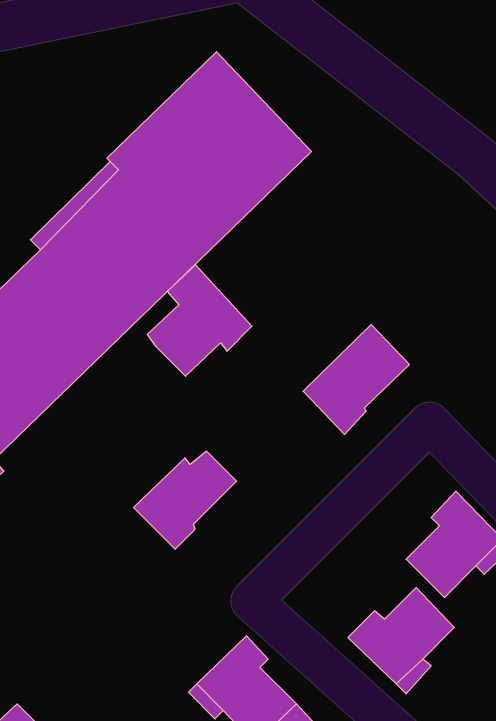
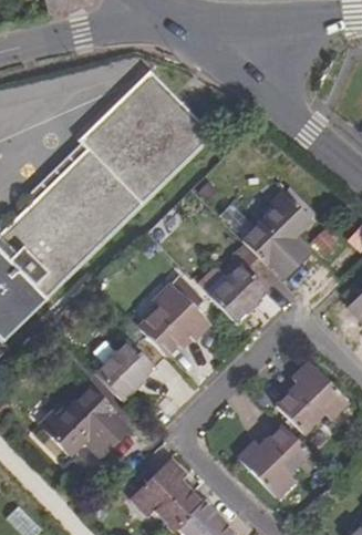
building: none -> [246,192,309,278]
building: [147,265,252,376] -> [138,280,208,354]
building: none -> [43,387,127,454]

